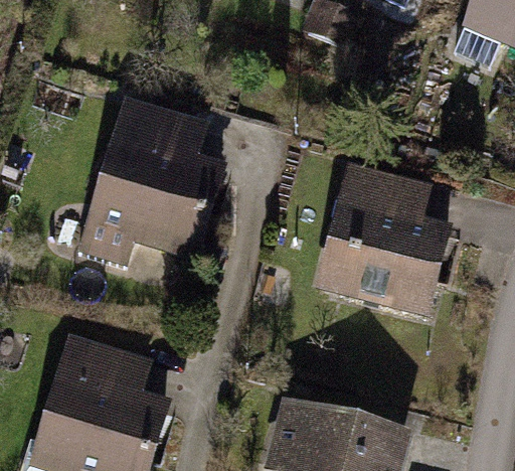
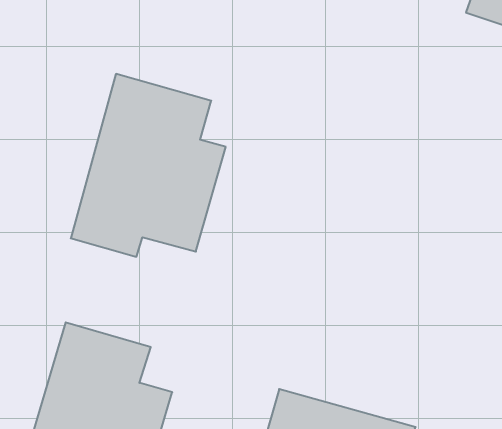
building: [315,159,459,318] -> none

